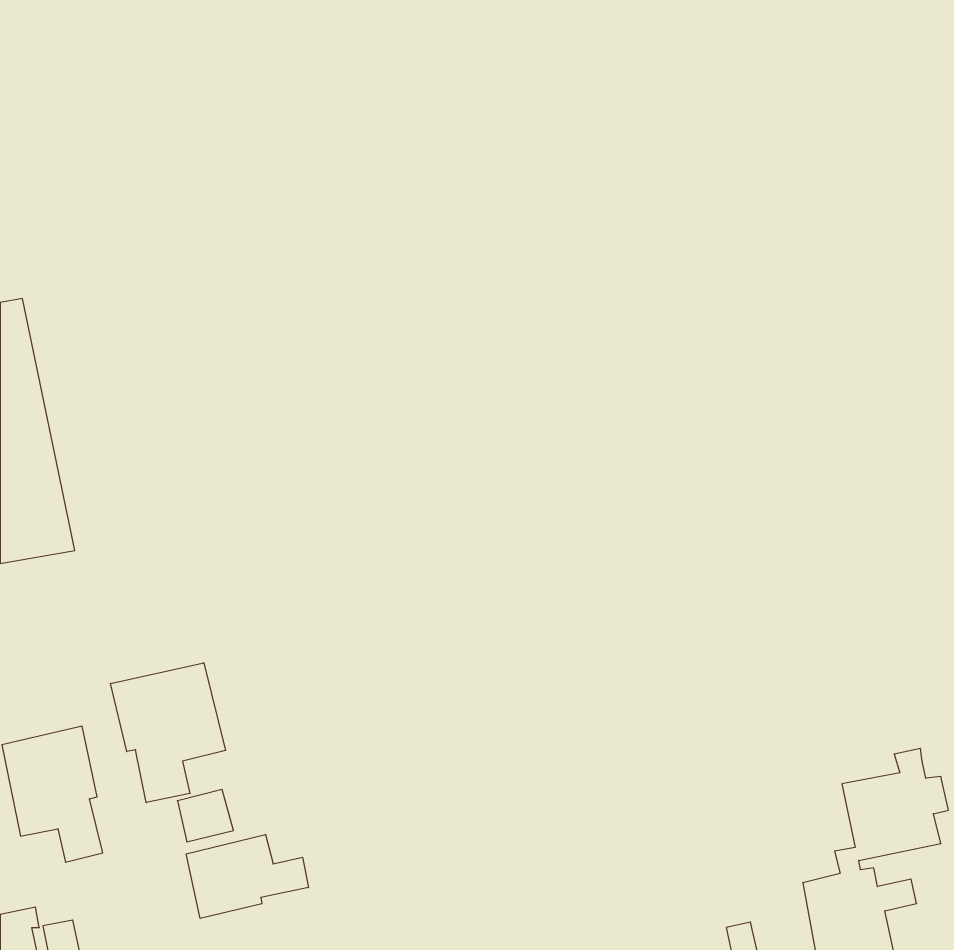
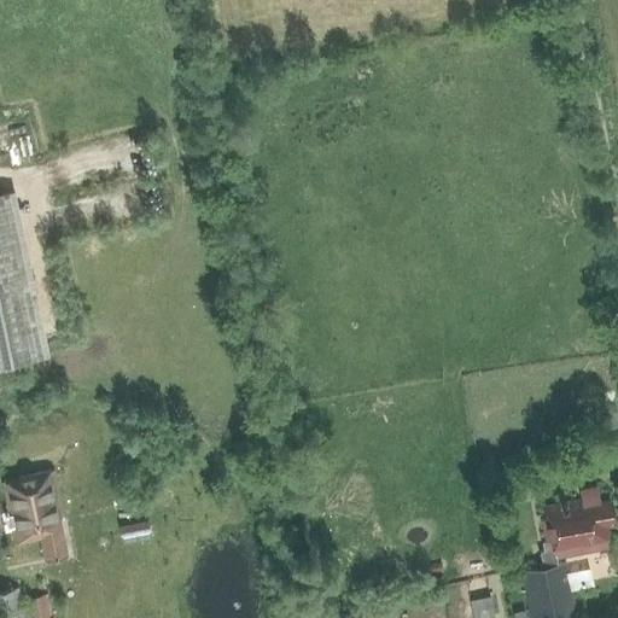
building: [110,663,226,803] -> none
building: [186,834,308,918] -> none

